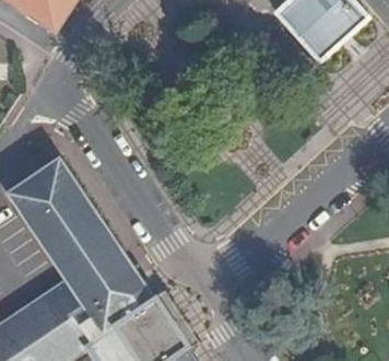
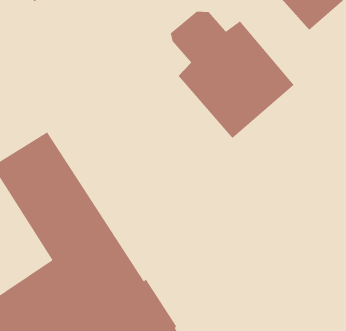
building: none -> [170,11,294,139]

